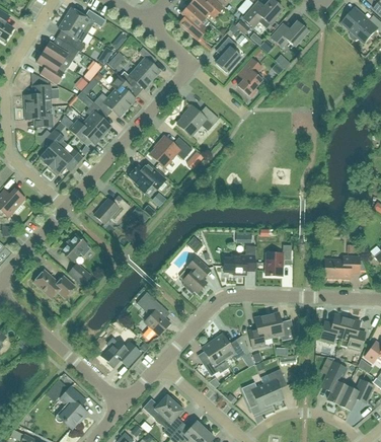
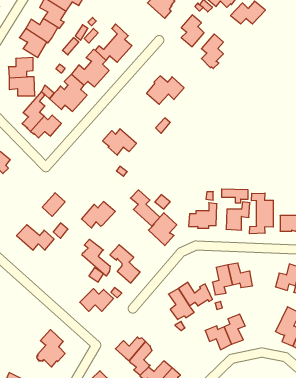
building: [149,136,192,167] -> none
building: [93,195,131,224] -> [81,202,115,228]
building: none -> [130,190,160,226]
building: none -> [249,193,273,234]
building: none -> [82,239,110,276]

